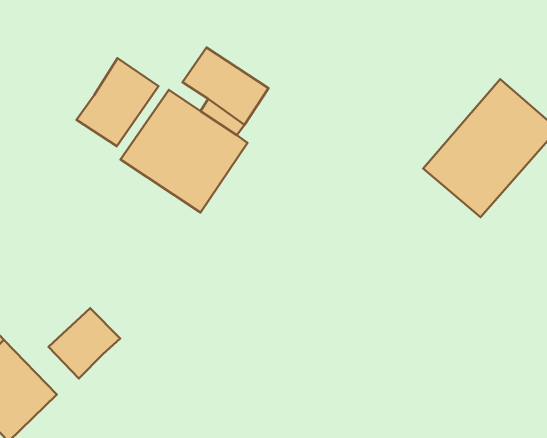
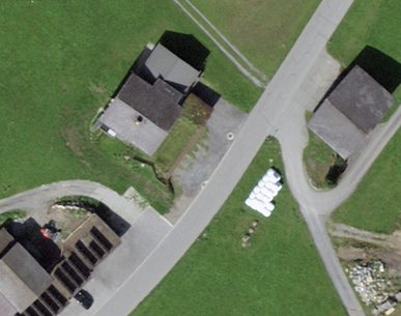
building: [77,58,158,146] -> none
building: [49,308,120,379] -> none

